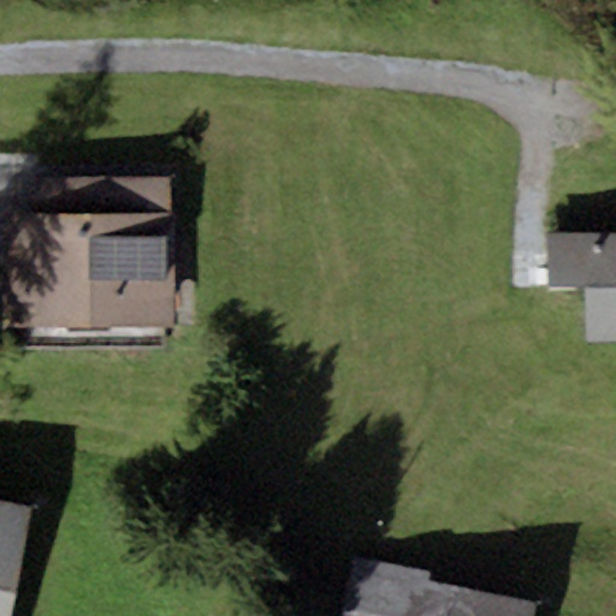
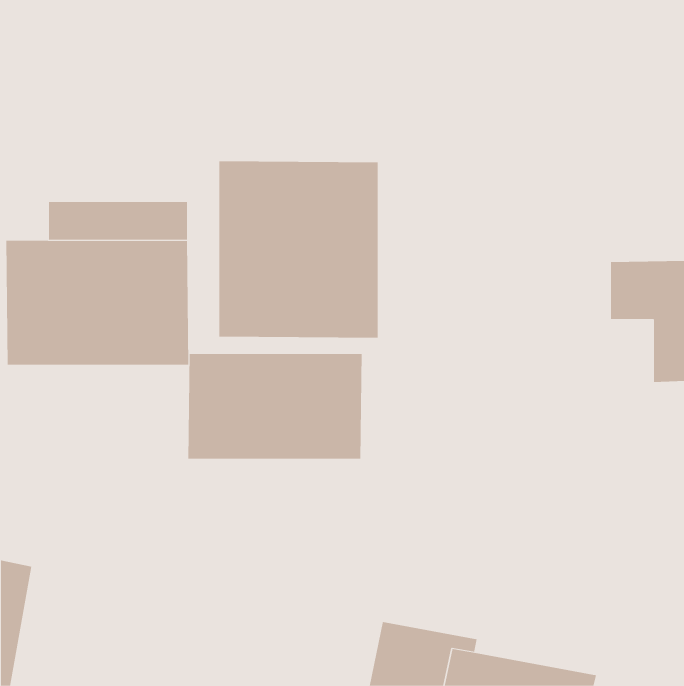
building: none -> [219,161,378,339]
building: none -> [188,353,362,459]

